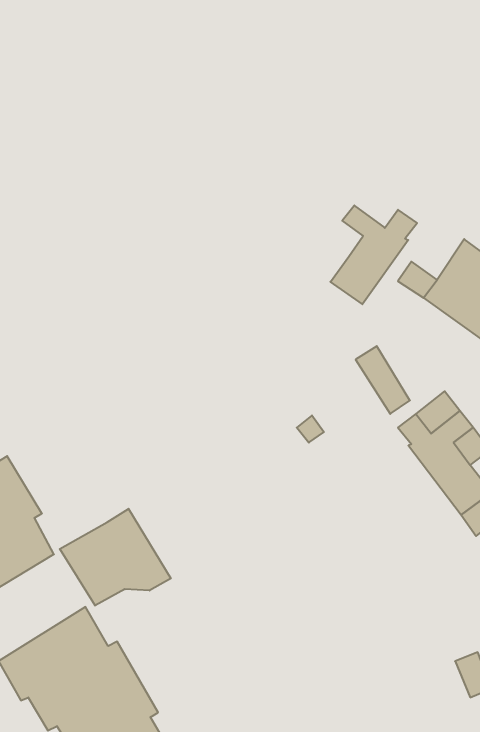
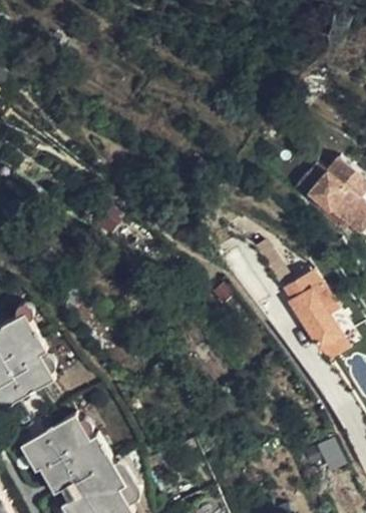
building: [330,205,417,304] -> none
building: [60,509,171,606] -> none

